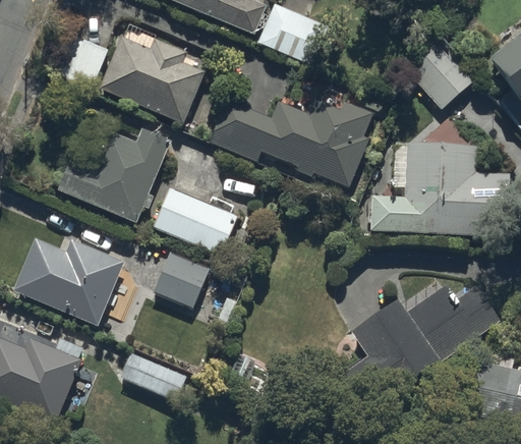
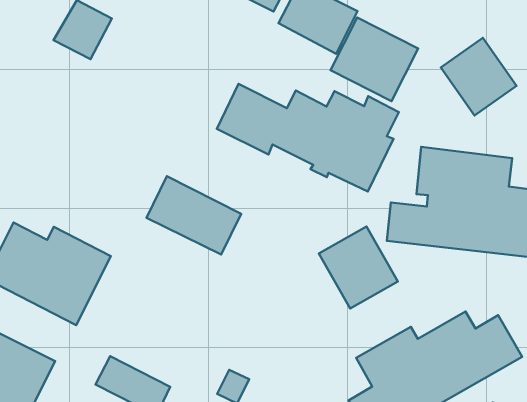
building: none -> [330,18,418,101]
building: [99,36,206,123] -> none
building: [57,129,170,223] -> none
building: none -> [319,227,398,308]
building: [154,253,210,309] -> none

